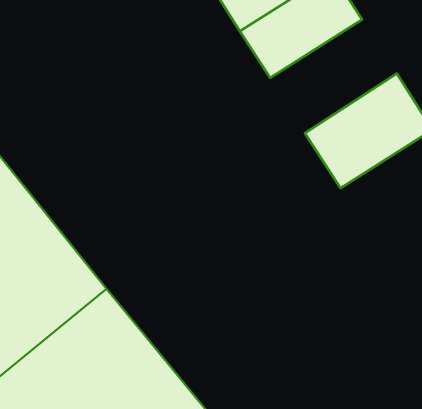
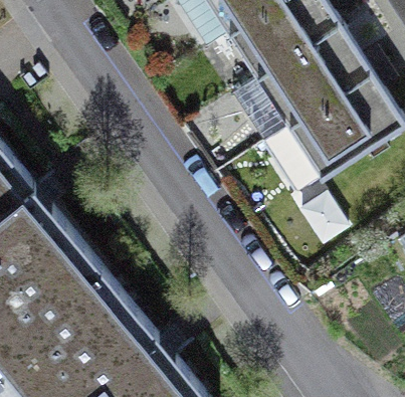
building: none -> [251,19,369,125]

